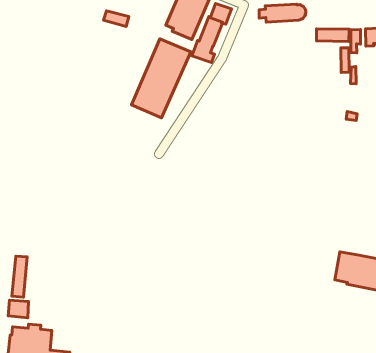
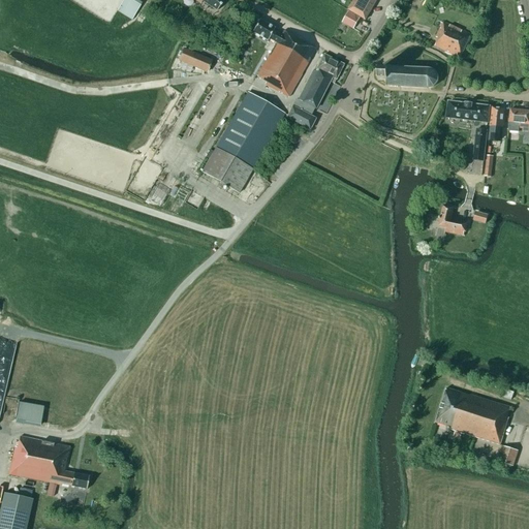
building: none -> [439,204,467,236]
building: [12,256,27,297] -> none

